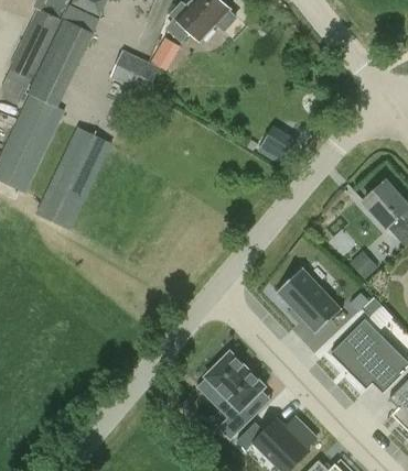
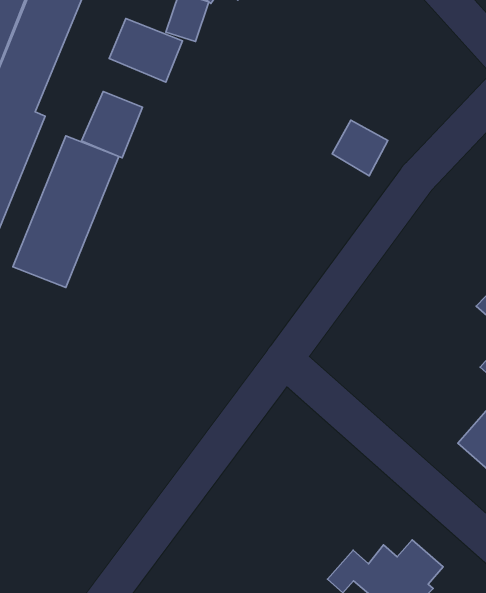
building: none -> [82,91,142,158]
building: [278,265,343,331] -> none
building: [203,350,266,439] -> none

